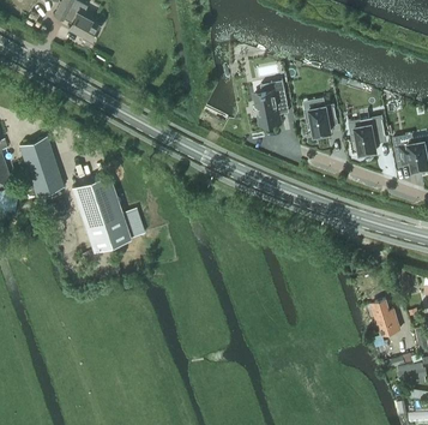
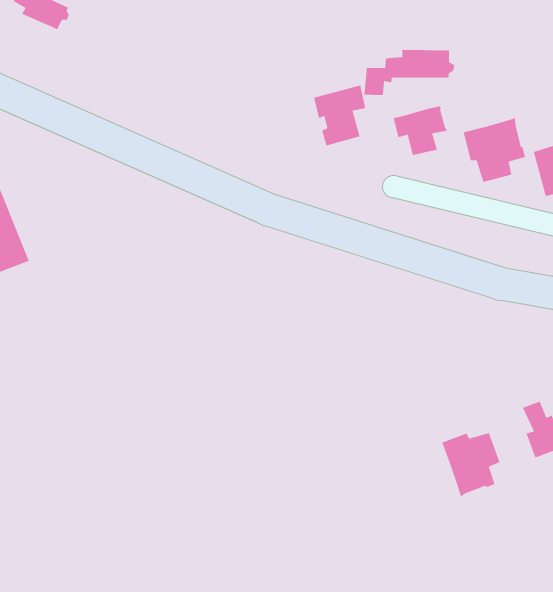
building: none -> [363,49,455,96]
building: [72,175,131,252] -> none
building: none -> [441,432,501,497]

